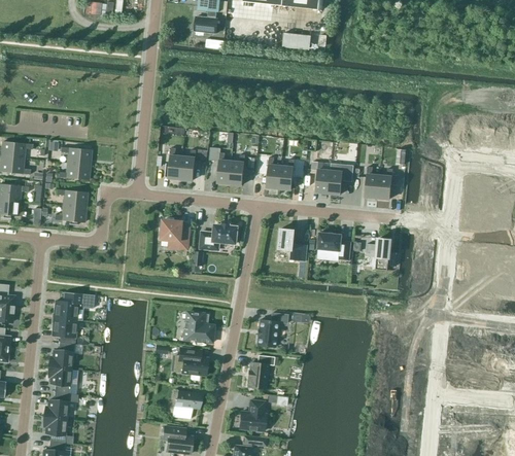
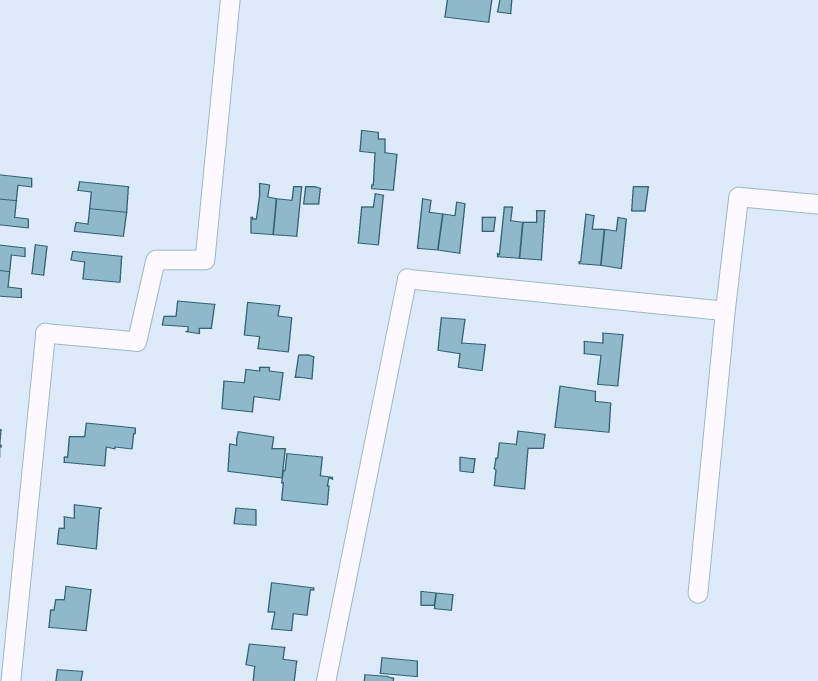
building: [209,147,232,183] -> [360,131,397,190]
building: [54,205,85,224] -> [162,301,215,333]
building: [200,223,237,250] -> [222,368,283,412]
building: [316,232,350,259] -> [555,386,611,432]
building: [256,312,287,347] -> [494,431,545,489]
building: [50,316,76,344] -> none
building: [173,347,208,375] -> [228,432,286,478]
building: [247,354,274,388] -> none
building: [46,365,71,393] -> none
building: [239,399,265,430] -> none
building: [41,416,65,443] -> none

